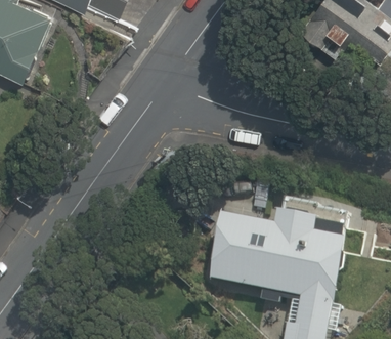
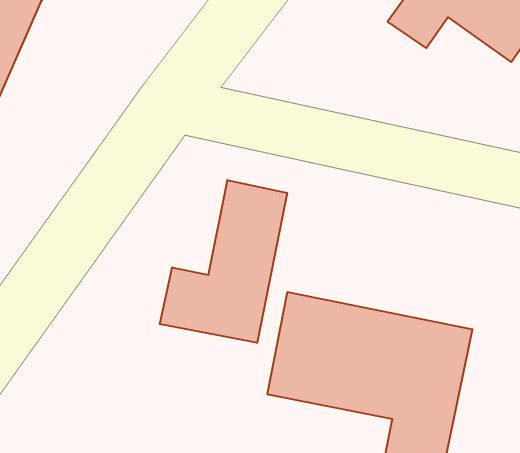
building: none -> [160,180,287,343]

